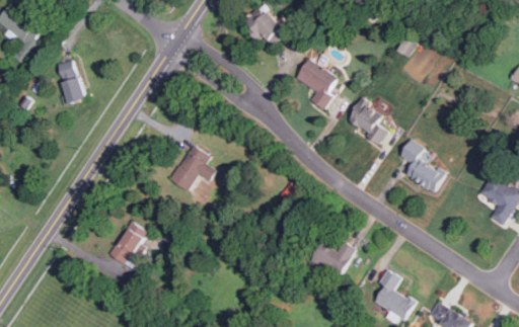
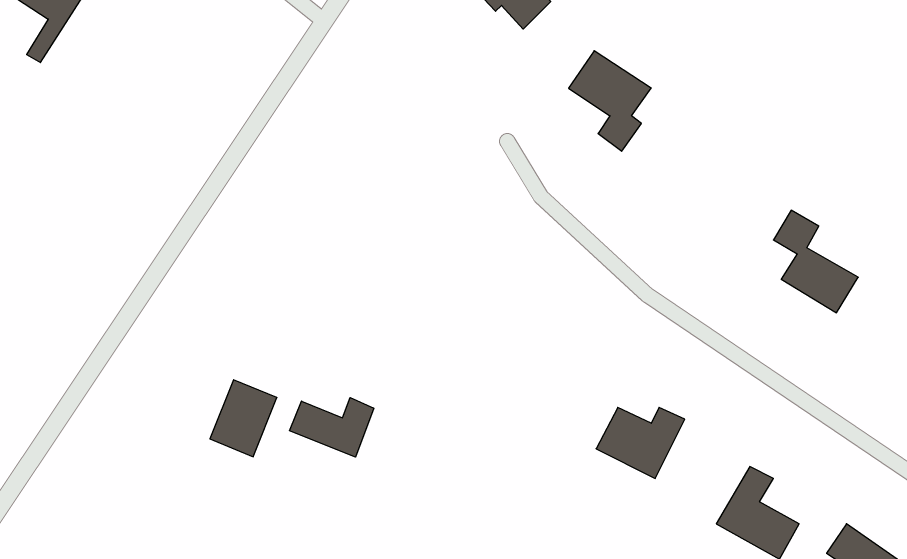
building: [56,56,88,101] -> none
building: [345,99,387,145] -> none
building: [168,146,212,192] -> none
building: none -> [289,398,374,457]

